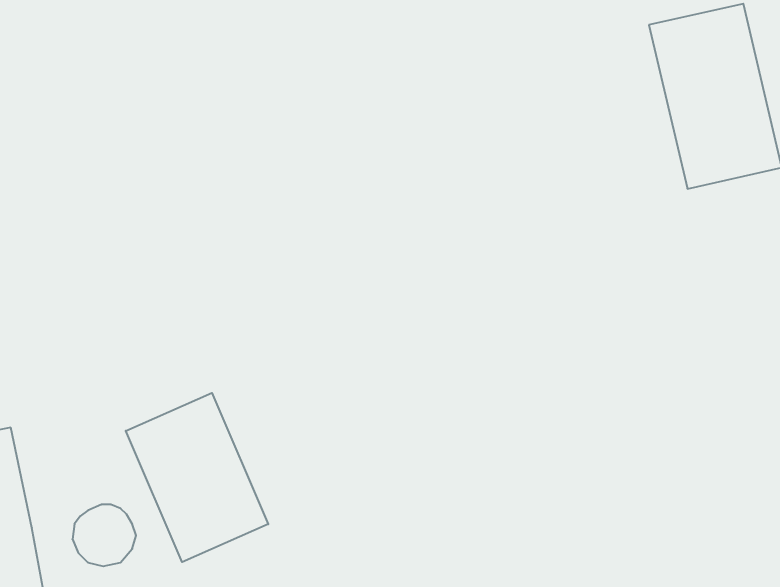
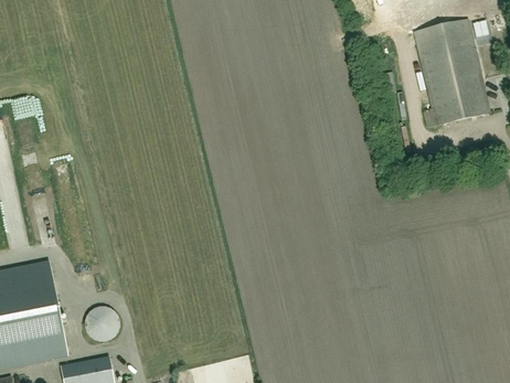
building: [126,393,268,562] -> none

